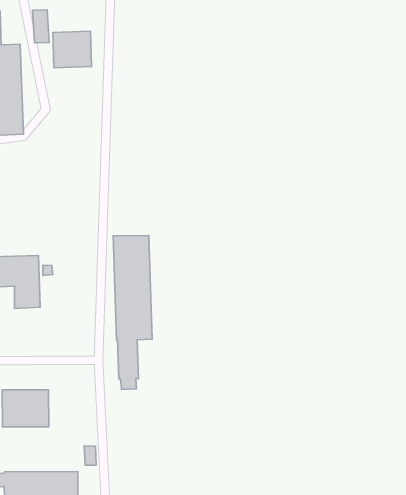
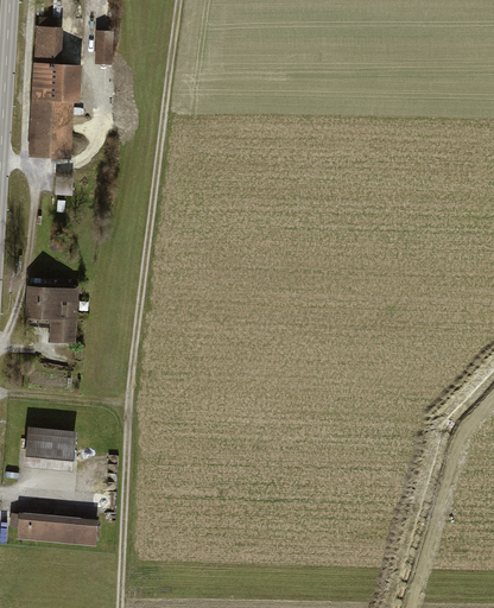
building: [53,31,91,68] -> none
building: [113,235,152,389] -> none

